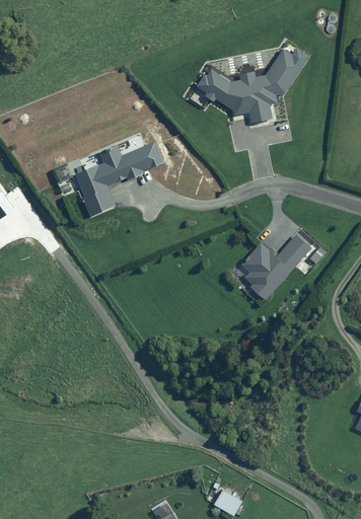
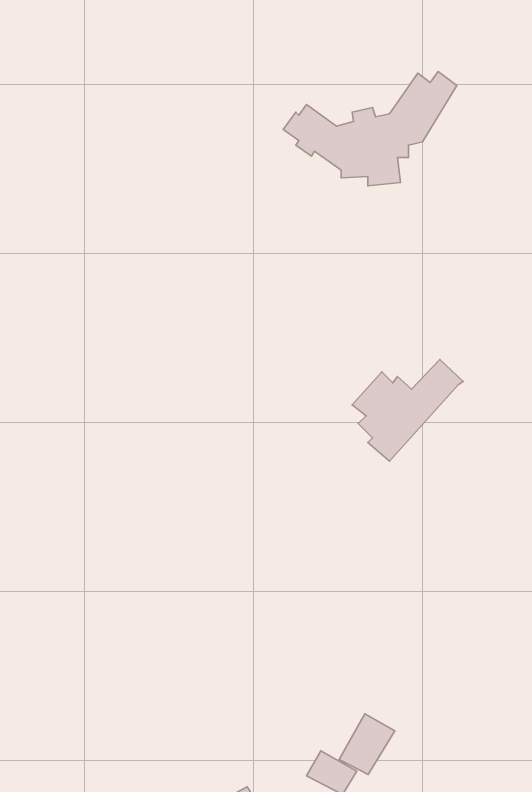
building: [75,141,163,215] -> none
building: none -> [339,714,395,775]

